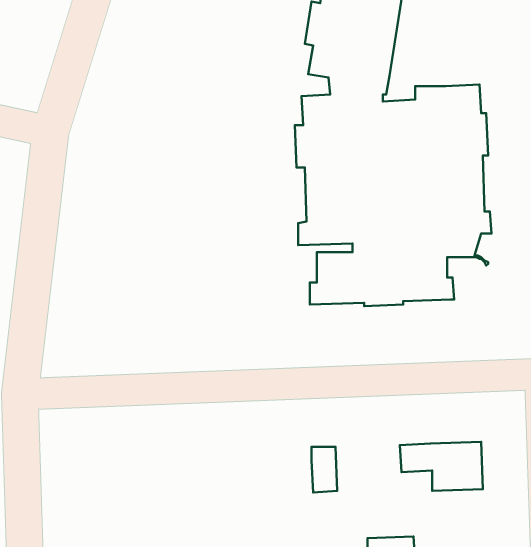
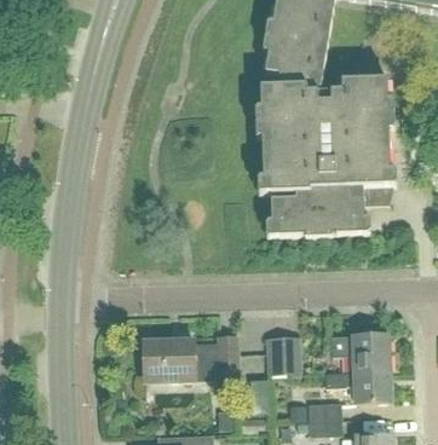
building: none -> [144,336,240,389]
building: none -> [324,368,391,404]

